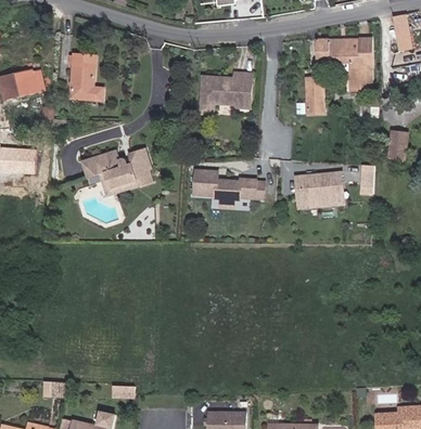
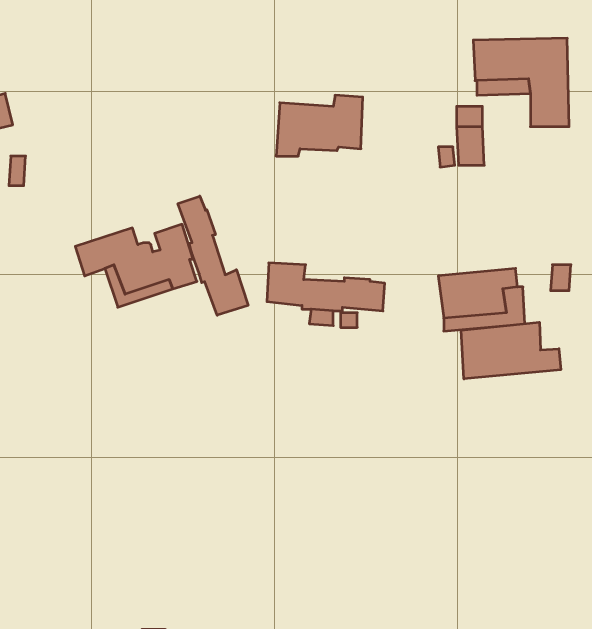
building: [69,53,103,100] -> none
building: none -> [178,196,248,315]
building: none -> [461,322,561,379]

